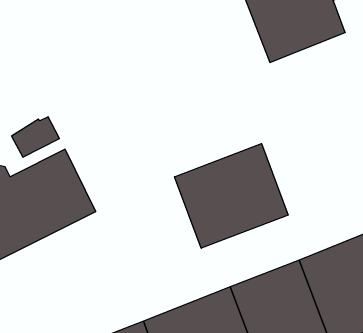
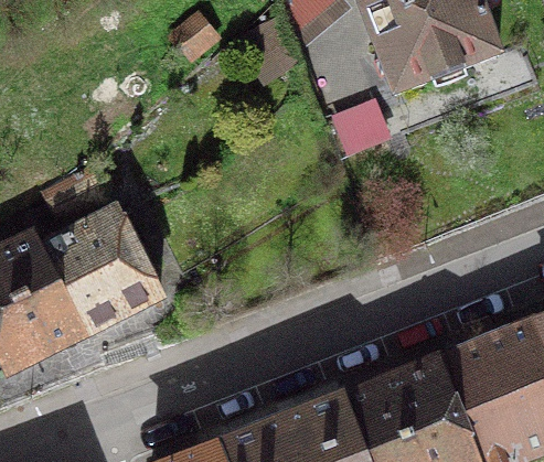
building: [175,144,288,248] -> none

